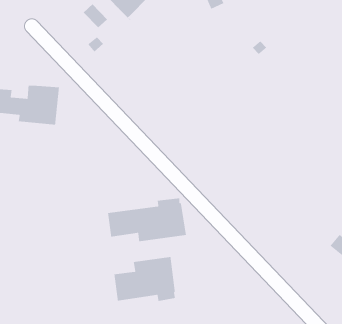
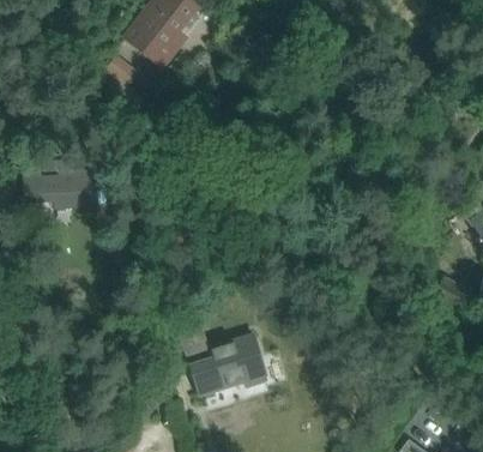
building: [107,197,187,242] -> none

